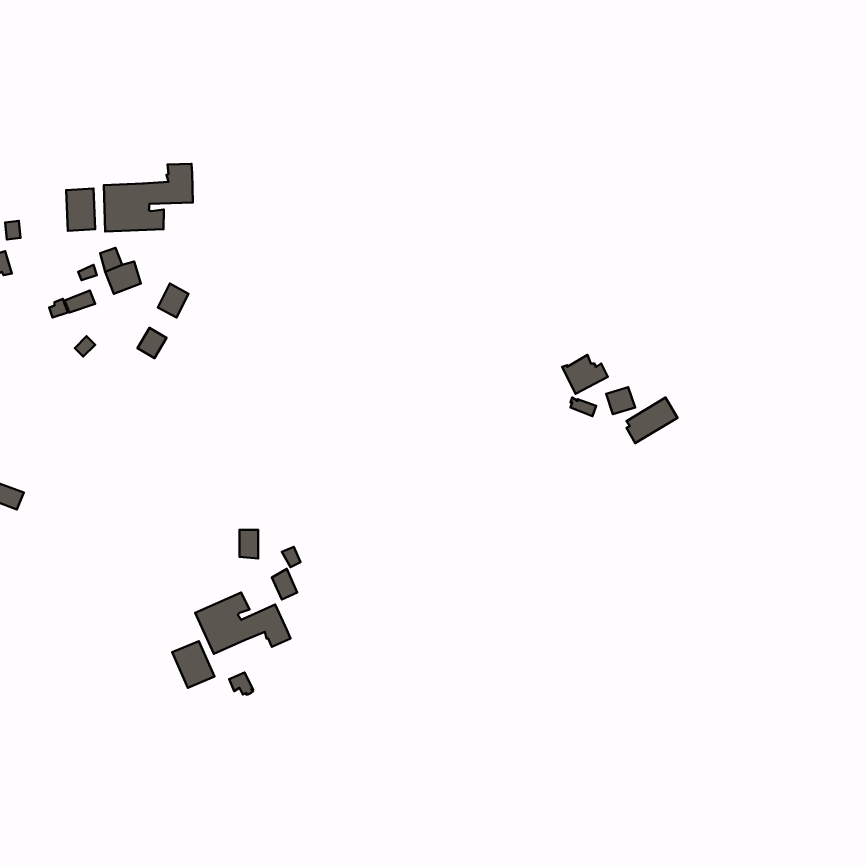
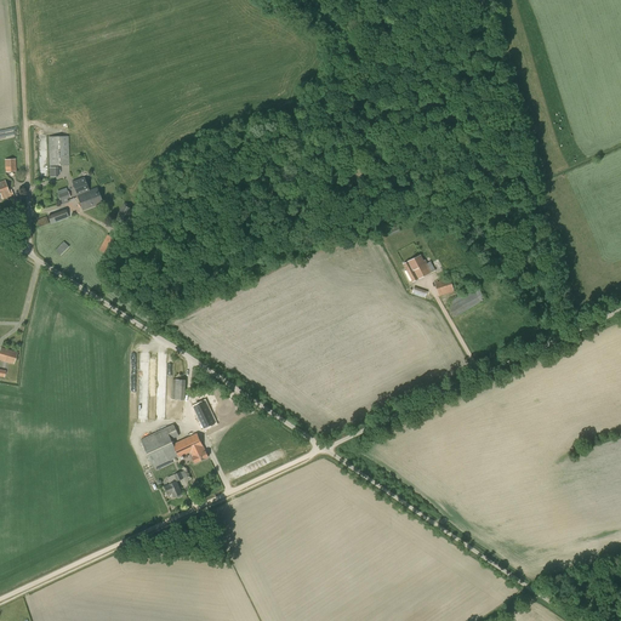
building: [104,164,193,232] -> none
building: [172,641,215,688] -> none

